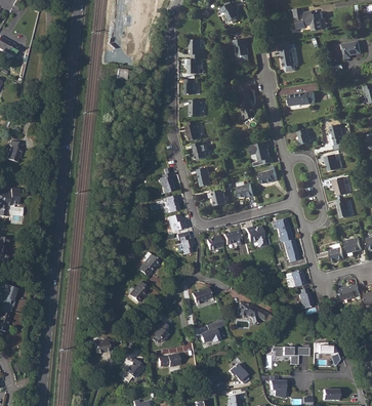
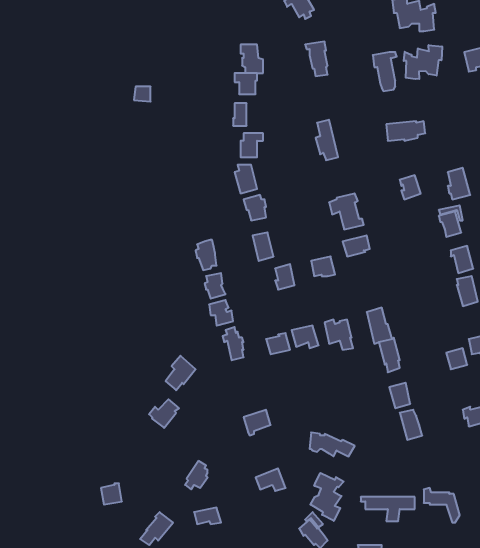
building: none -> [404,45,442,79]
building: none -> [310,473,344,521]

